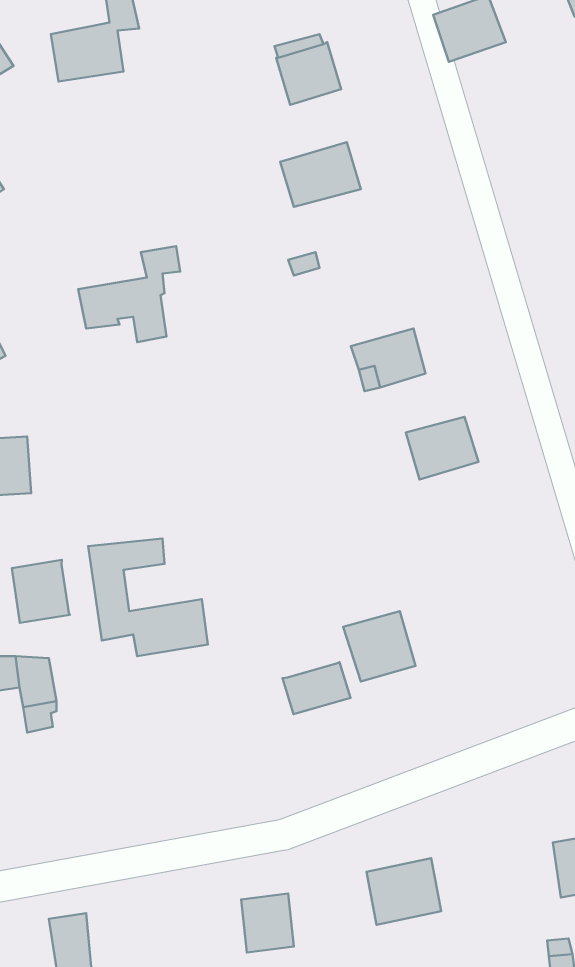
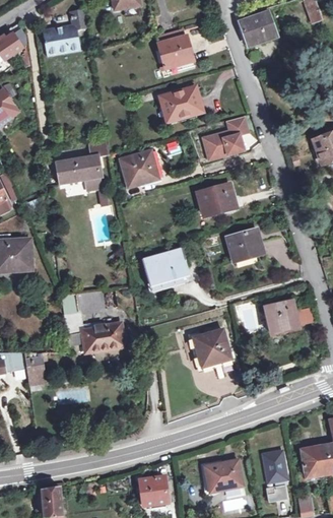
building: none -> [205,115,249,158]
building: none -> [121,150,162,187]
building: none -> [142,247,187,284]
building: none -> [263,300,299,332]
building: [12,560,70,623] -> none
building: [283,662,350,714] -> none
building: none -> [263,451,287,488]

